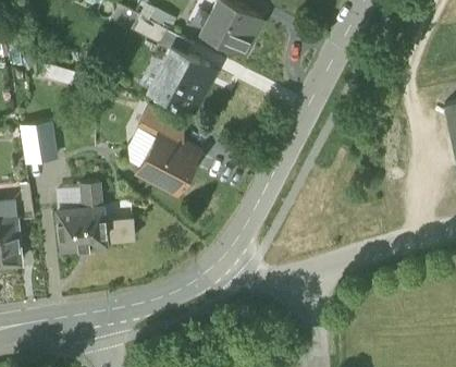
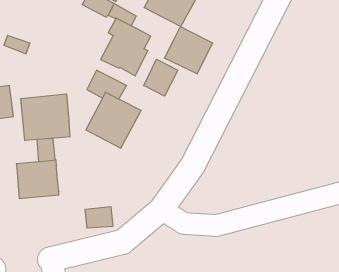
building: none -> [165,27,213,74]
building: none -> [144,59,178,96]
building: none -> [21,94,70,141]
building: [104,219,136,243] -> [85,207,113,228]

